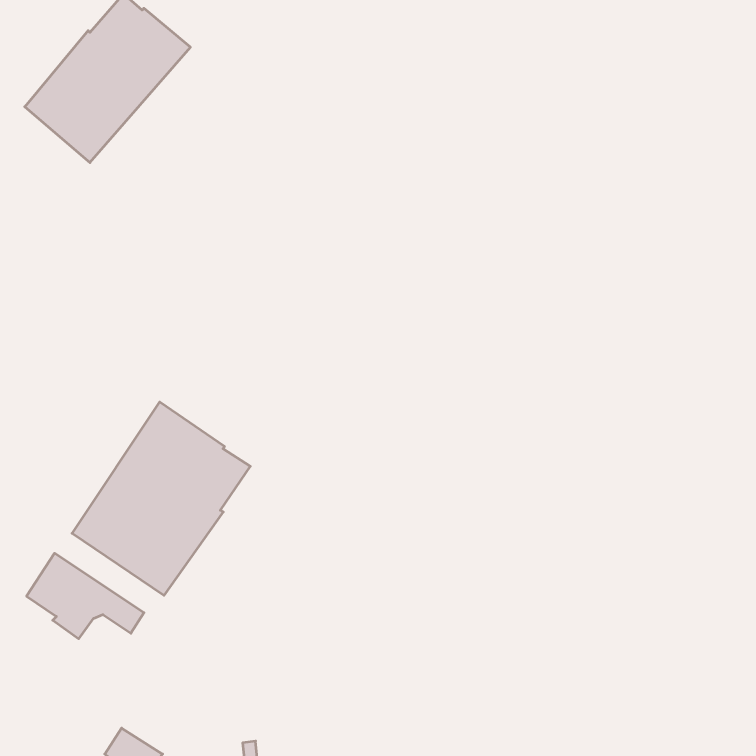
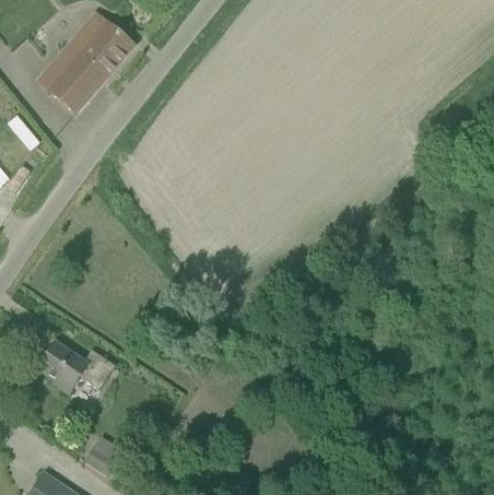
building: [72,402,250,595] -> none

